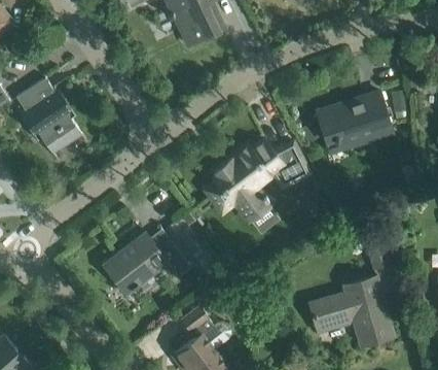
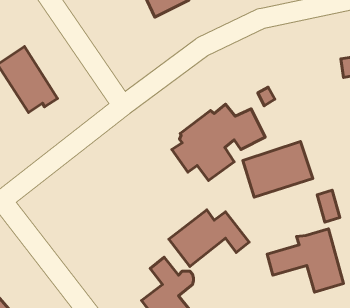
building: [317,92,393,153] -> [243,142,313,197]
building: [104,232,191,294] -> [169,210,249,267]

